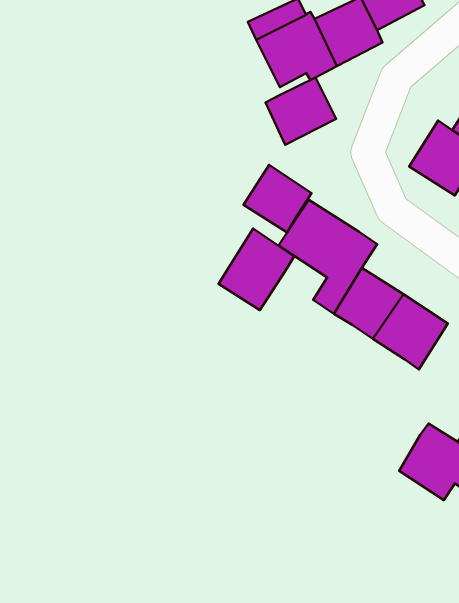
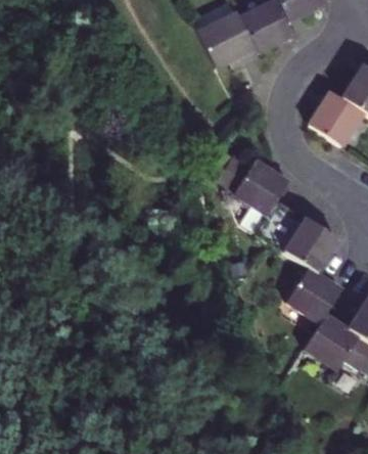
building: [265,78,336,145] -> none
building: [244,165,311,233] -> none
building: [219,228,294,310] -> none
building: none -> [287,268,341,323]

